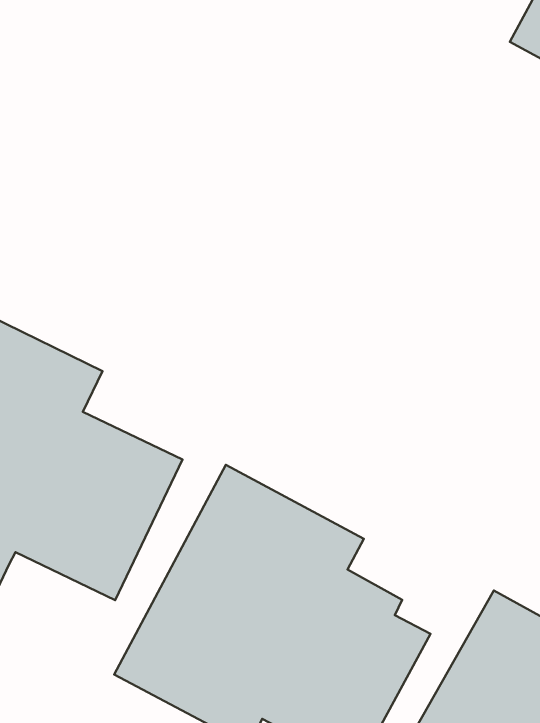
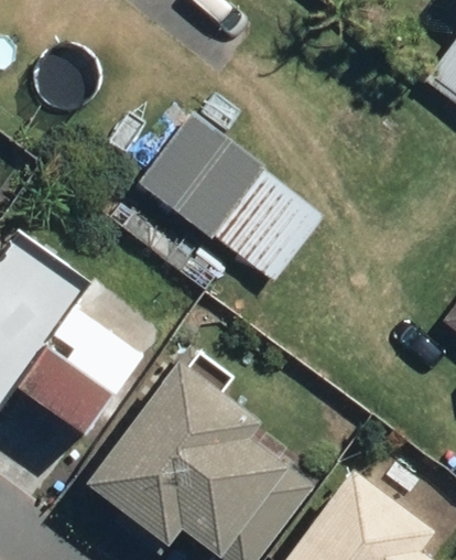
building: none -> [131,112,323,283]

